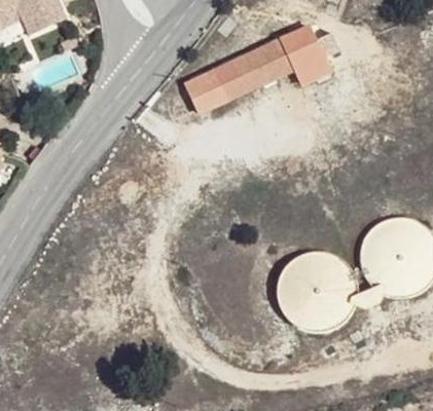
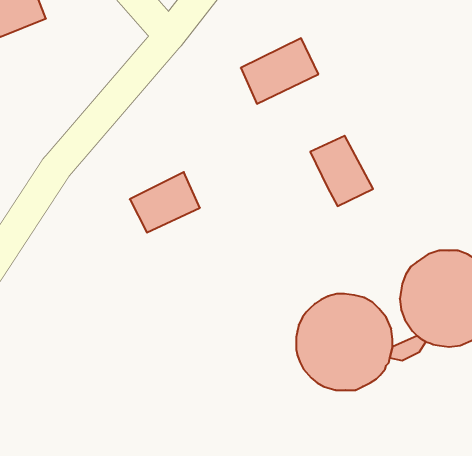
building: [279,25,331,83] -> [310,136,373,206]
building: [183,63,242,113] -> [130,172,200,233]

